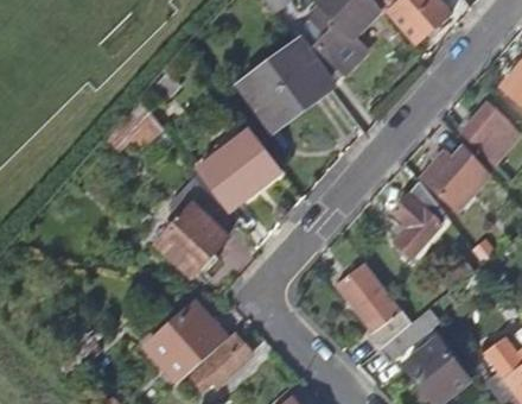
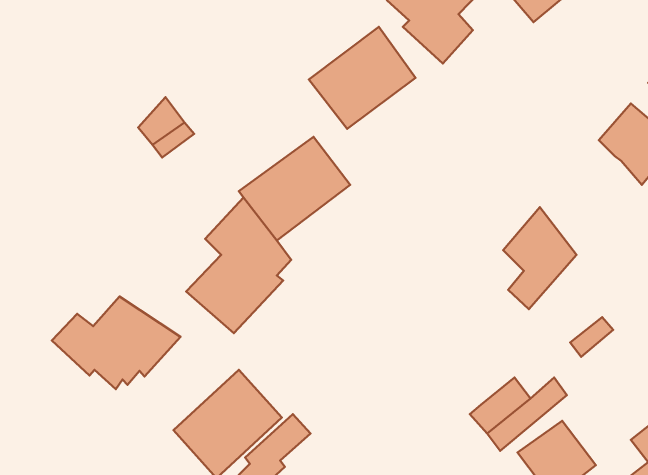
building: [422,146,489,212] -> none
building: none -> [52,297,180,389]
building: [337,264,400,329] -> none

